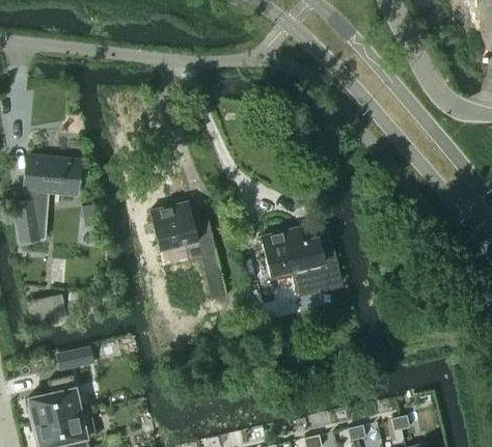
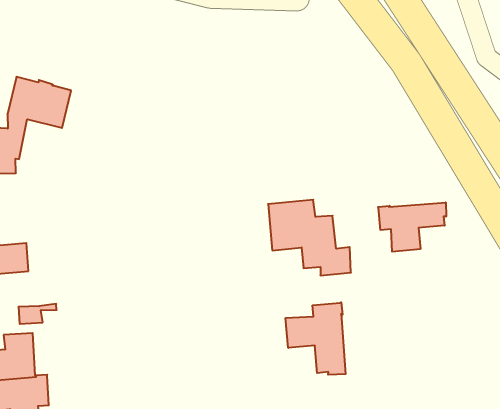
building: [149,202,226,300] -> none
building: none -> [378,202,446,252]
building: none -> [286,302,346,375]

